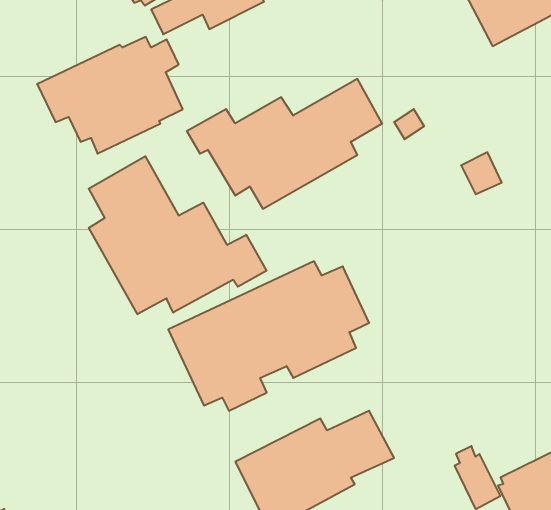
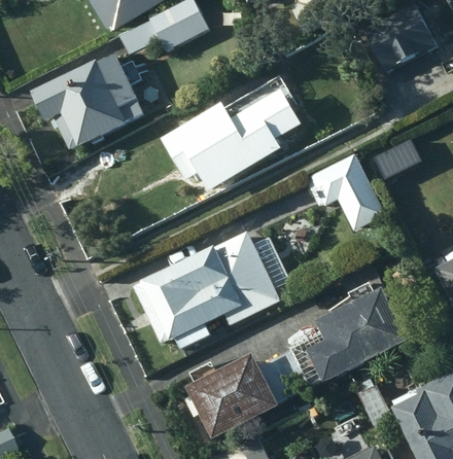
building: [89,156,267,314] -> none
building: none -> [307,153,386,230]
building: none -> [305,288,410,385]

